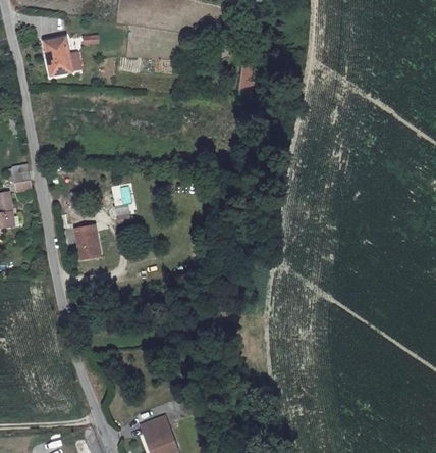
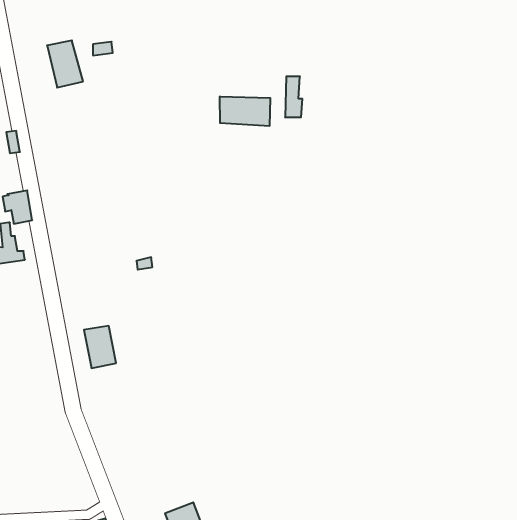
building: none -> [220,96,270,126]
building: [73,225,100,260] -> [84,326,116,368]

